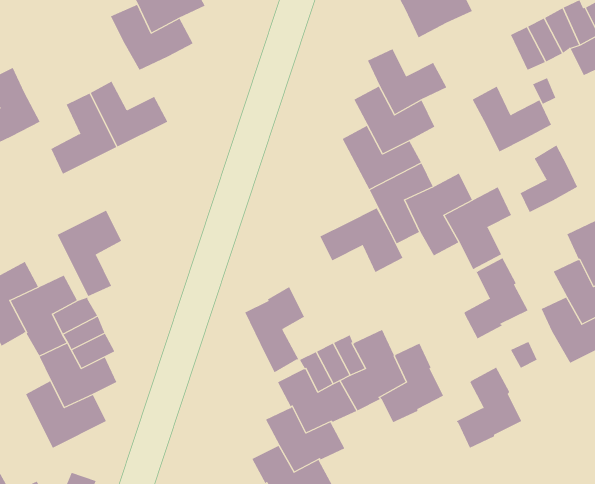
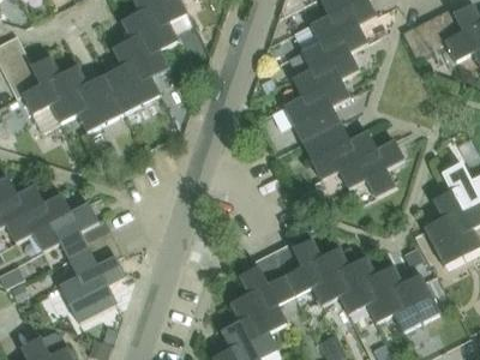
building: none -> [113,38,169,85]
building: none -> [50,64,98,122]
building: [472,86,552,152] -> [310,14,366,61]
building: [520,145,578,213] -> none
building: [320,208,403,273] -> none
building: [57,210,122,297] -> none
building: [464,258,528,339] -> [337,258,383,316]
building: [244,286,305,373] -> none
building: none -> [391,276,439,332]

